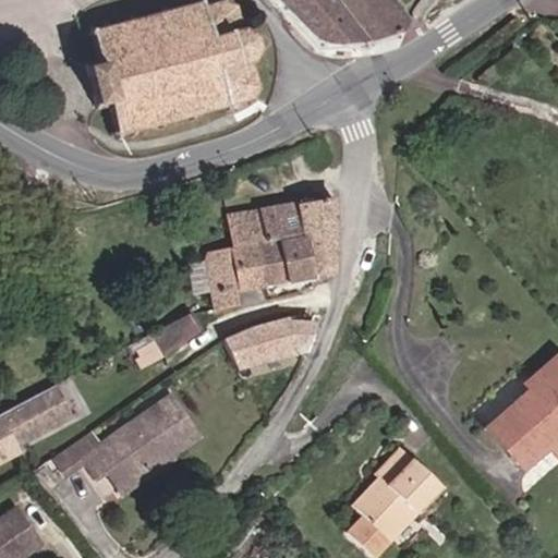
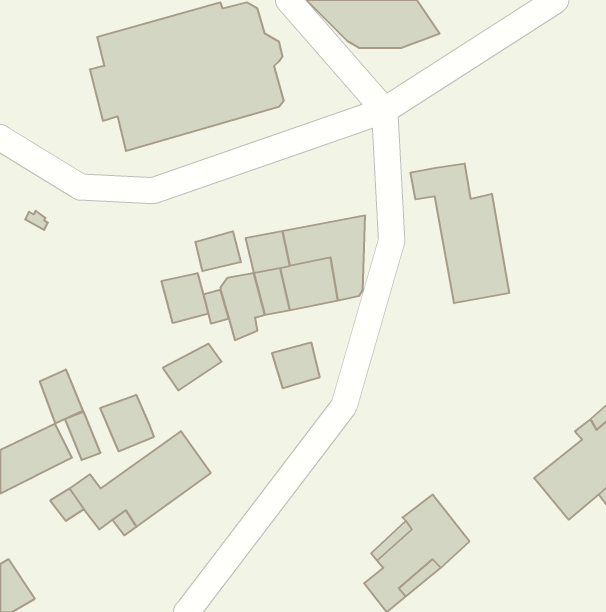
building: none -> [410,163,509,303]
building: none -> [195,231,241,271]
building: none -> [162,273,208,323]
building: [225,322,263,361] -> none
building: none -> [40,369,83,423]
building: none -> [100,395,154,451]

